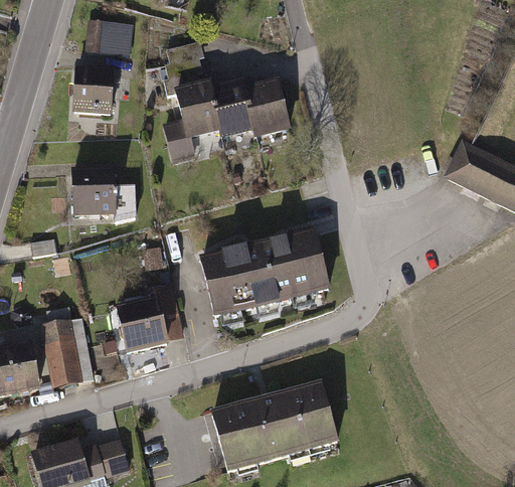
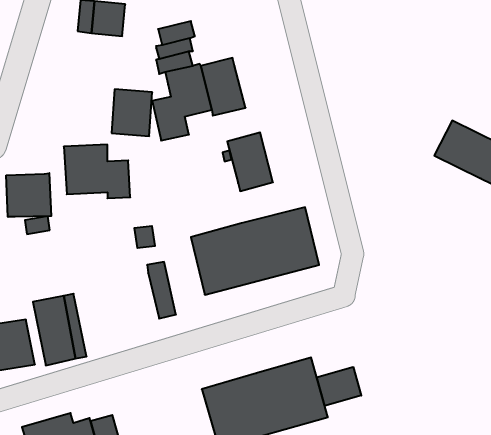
building: [71,66,113,114] -> [112,89,152,136]
building: [243,76,290,136] -> [227,132,273,191]
building: none -> [6,173,51,217]
building: [115,295,168,353] -> none
building: none -> [317,367,361,406]

